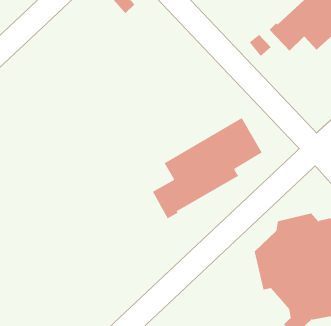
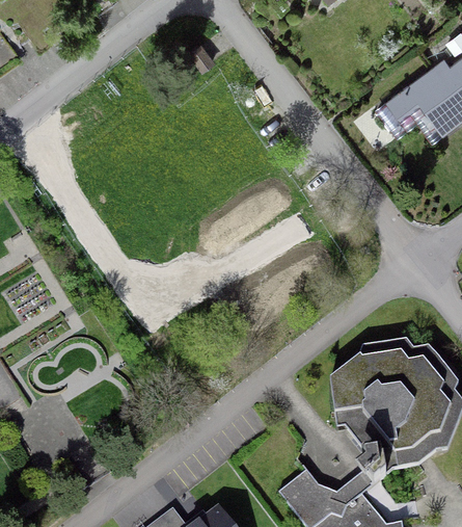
building: [152,117,263,219] -> none

